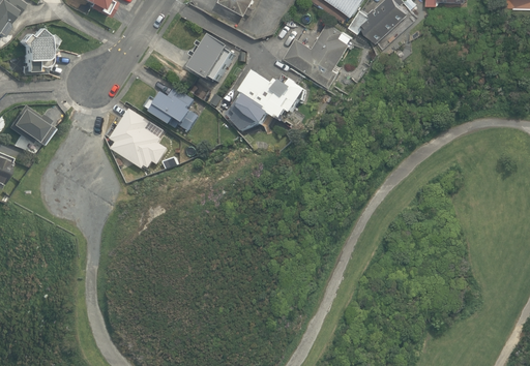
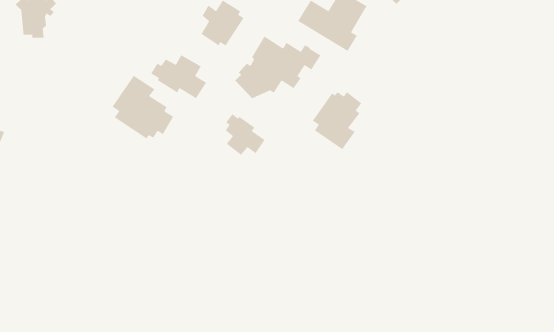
building: [7,103,52,145] -> none
building: none -> [312,91,362,150]
building: none -> [225,113,265,156]

